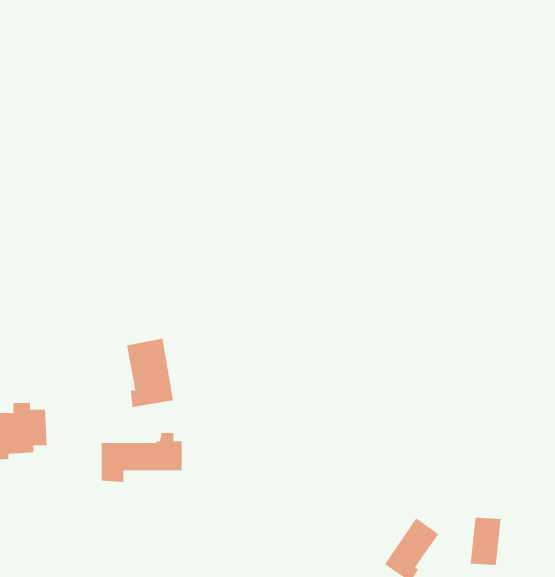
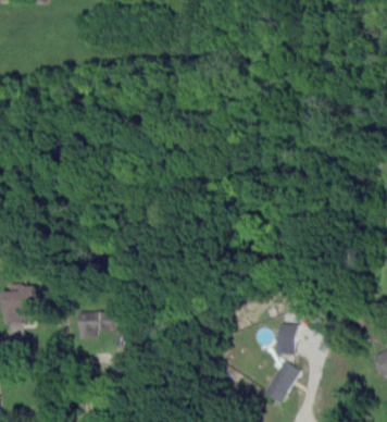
building: [127,338,173,408] -> none
building: [470,517,501,565] -> [277,323,298,355]

